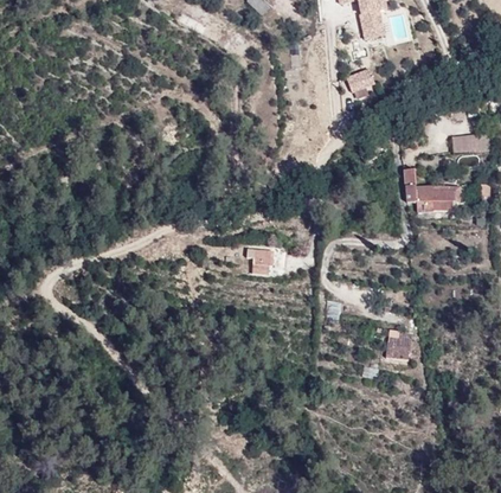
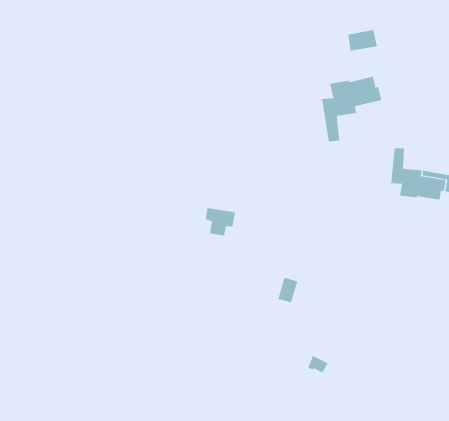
building: none -> [321,76,382,142]
building: [385,329,411,359] -> none

